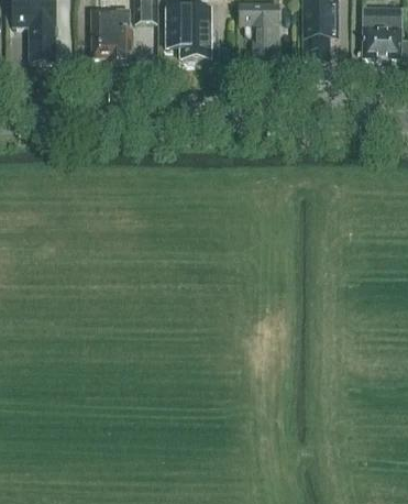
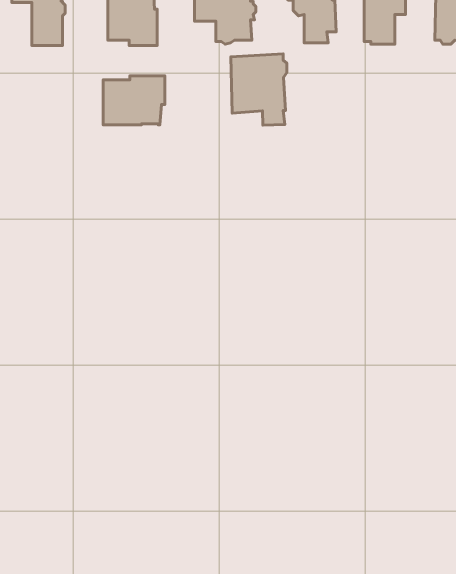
building: none -> [231,54,287,125]
building: none -> [103,76,165,125]

